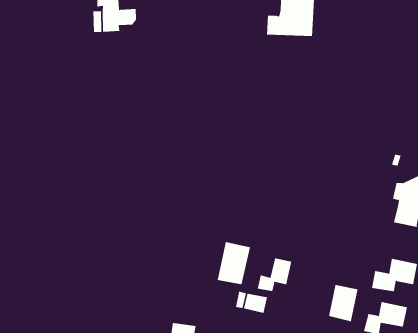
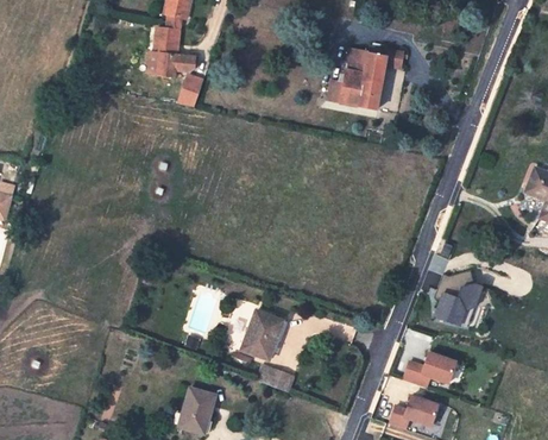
building: none -> [178,75,204,109]
building: [257,257,292,292] -> none
building: [329,284,358,322] -> none

